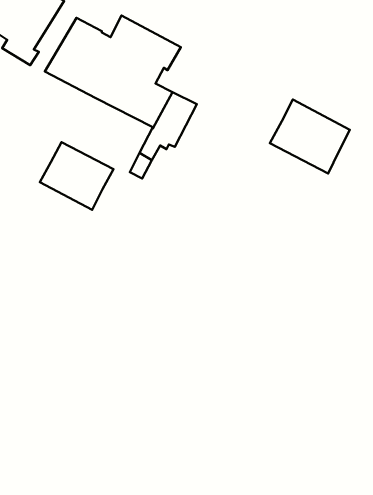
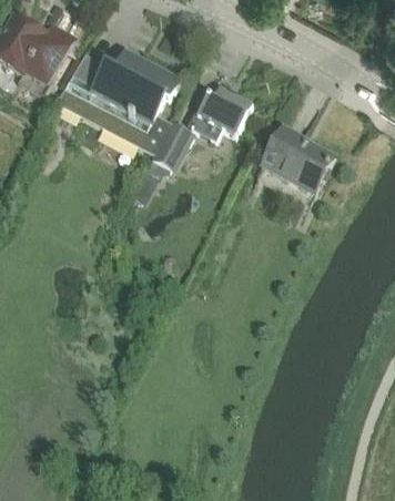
building: none -> [188,83,252,139]
building: [40,142,114,210] -> none

